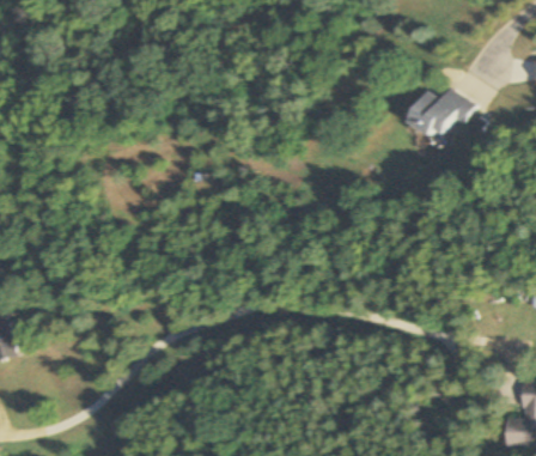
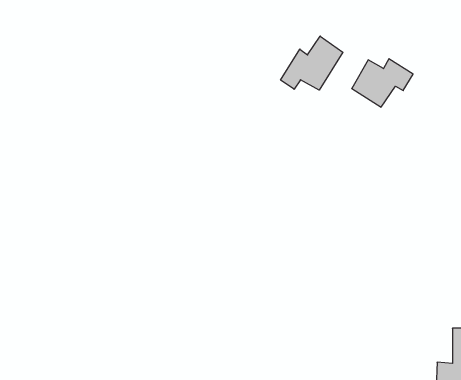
building: none -> [281,36,343,90]

